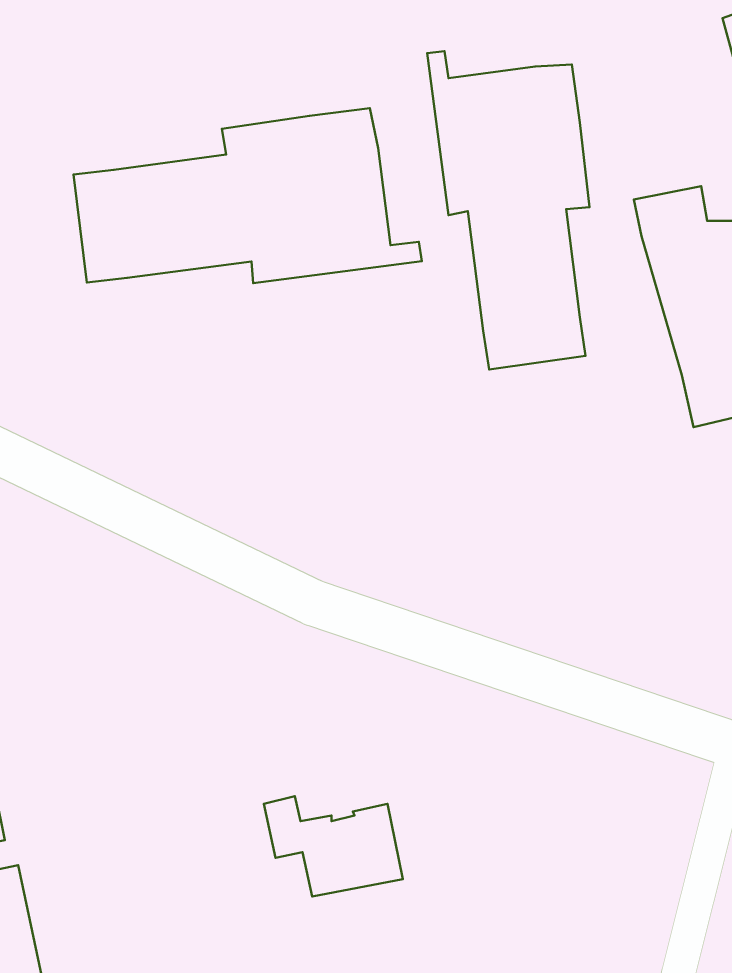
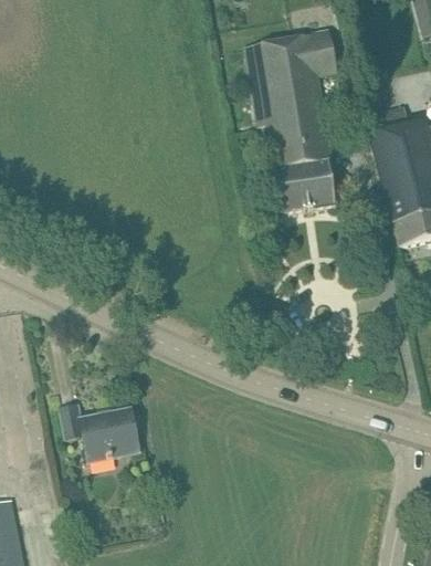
building: [74,108,422,283] -> none
building: [264,796,403,896] -> [60,405,139,462]

